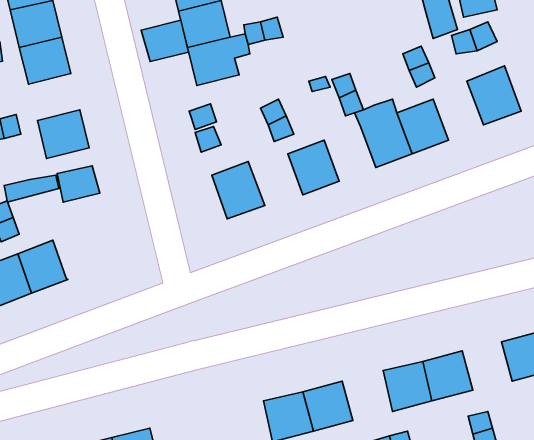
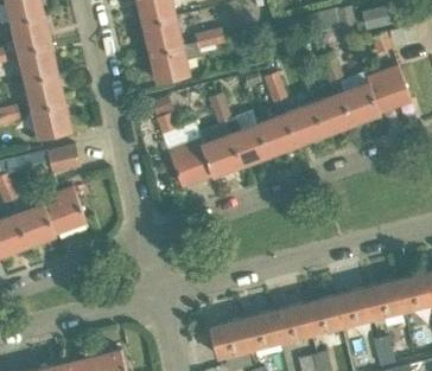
building: [141,20,188,61] -> none
building: none -> [25,72,65,109]
building: none -> [342,78,381,124]
building: none -> [256,114,297,156]
building: none -> [197,135,240,177]
building: none -> [43,187,85,232]
building: none -> [364,282,404,320]
building: none -> [271,305,310,344]

